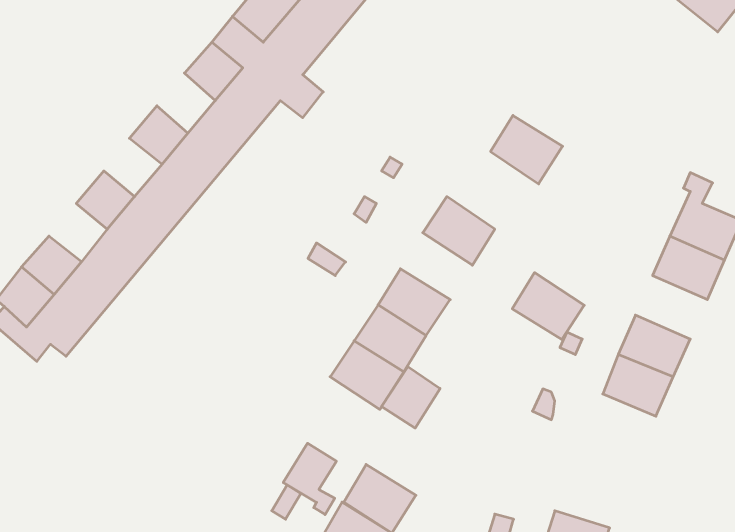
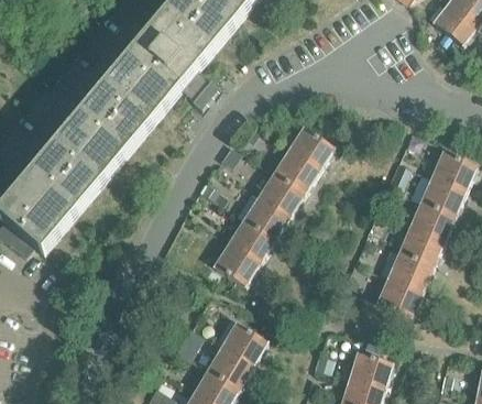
building: none -> [101,70,139,109]
building: [491,115,563,184] -> [287,127,333,171]
building: none -> [67,112,105,150]
building: none -> [32,154,69,192]
building: [512,273,584,340] -> [258,173,304,216]
building: none -> [408,200,454,241]
building: [382,367,440,428] -> none
building: none -> [375,276,421,317]
building: [283,443,336,515] -> none

